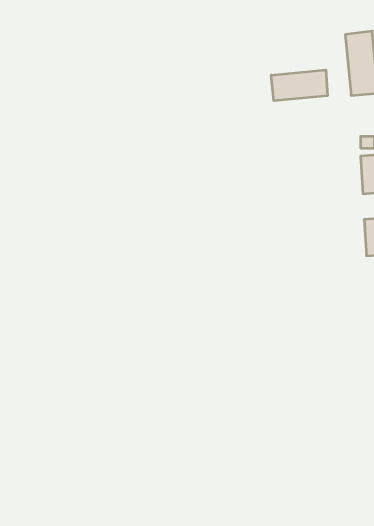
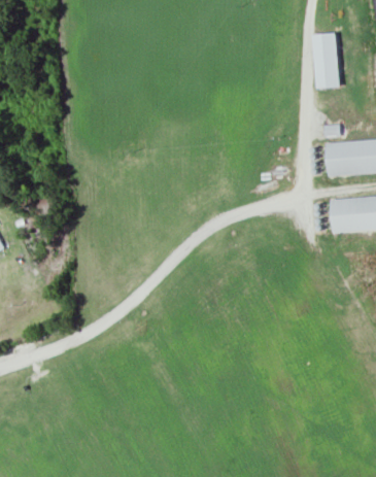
building: [271,70,327,101] -> none

